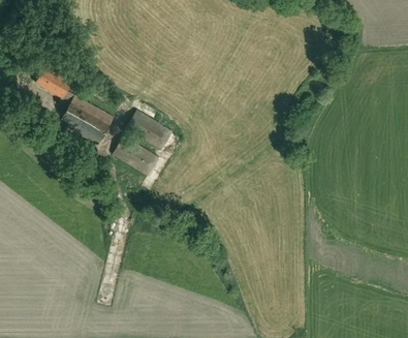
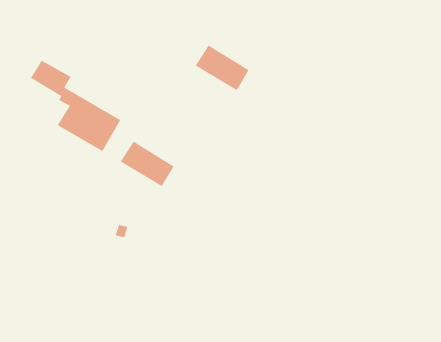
building: [126,111,172,150] -> [195,45,249,91]

